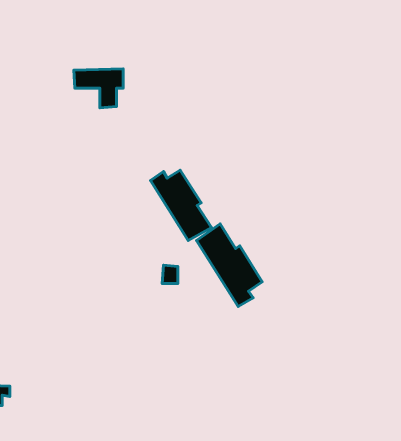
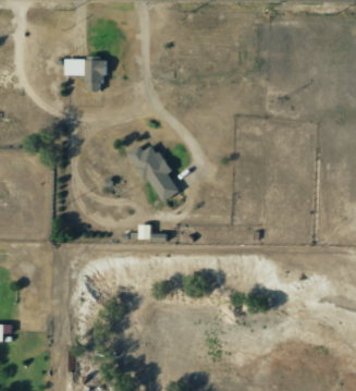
building: [197,224,262,306] -> none

